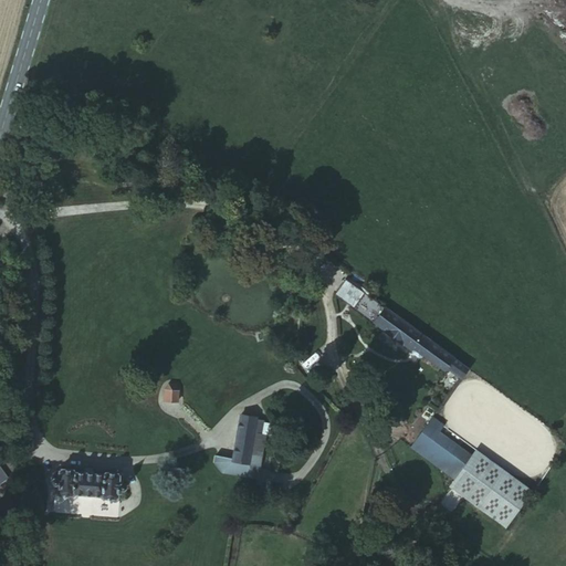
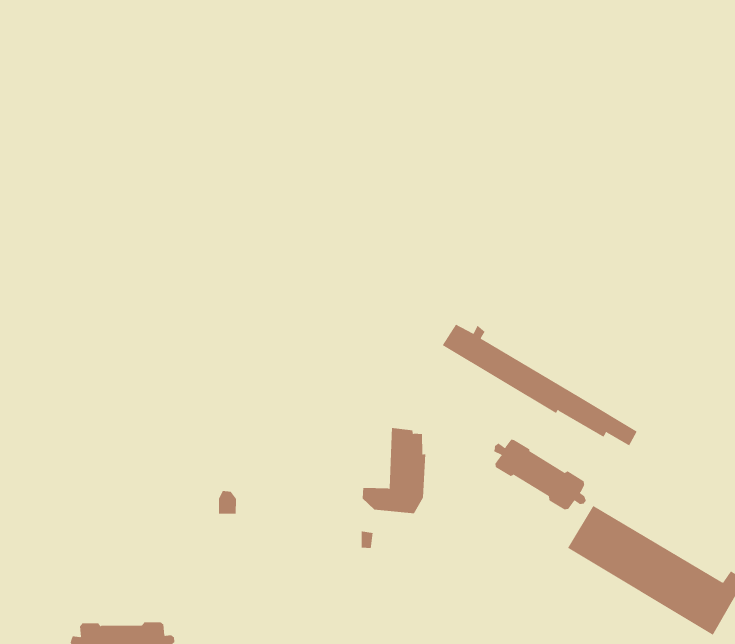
building: none -> [494,439,587,510]
building: [214,416,263,479] -> [362,428,426,514]

